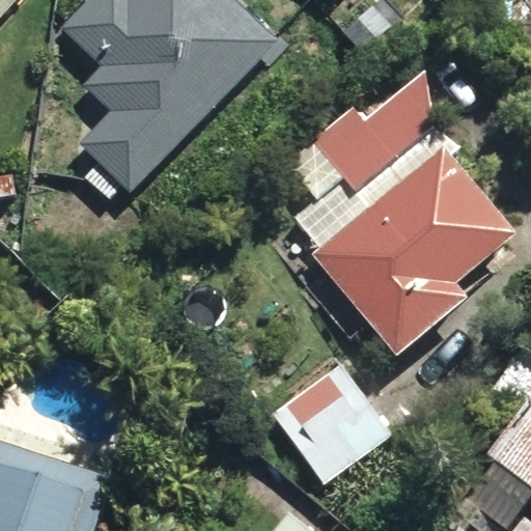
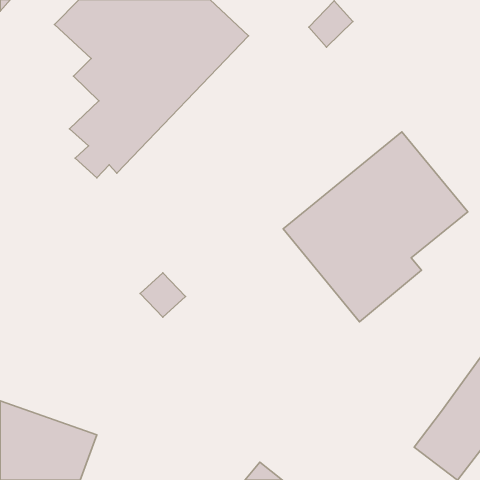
building: [314,73,432,190] -> none
building: [266,363,394,494] -> none

